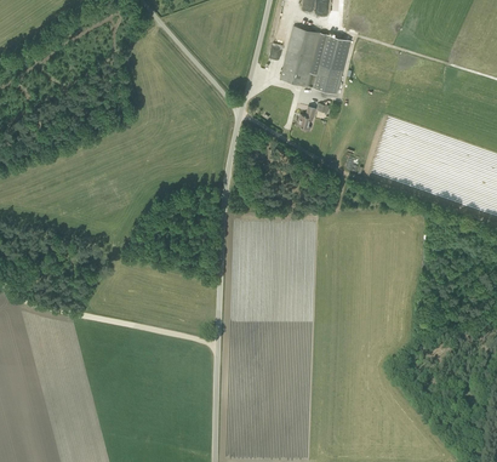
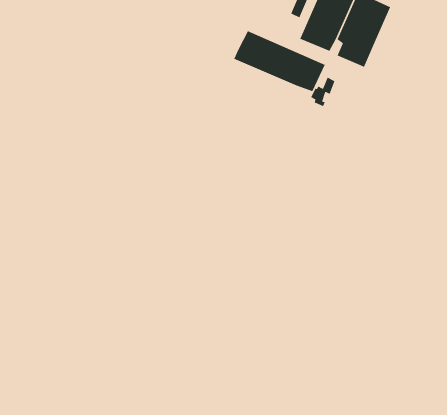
building: none -> [233,30,326,92]

